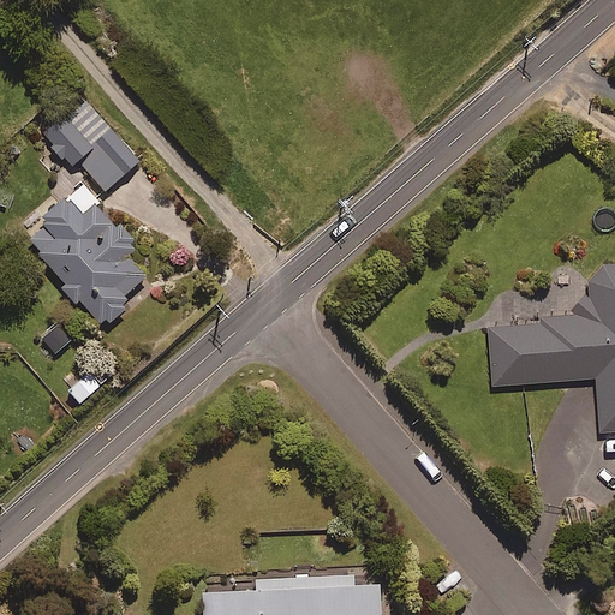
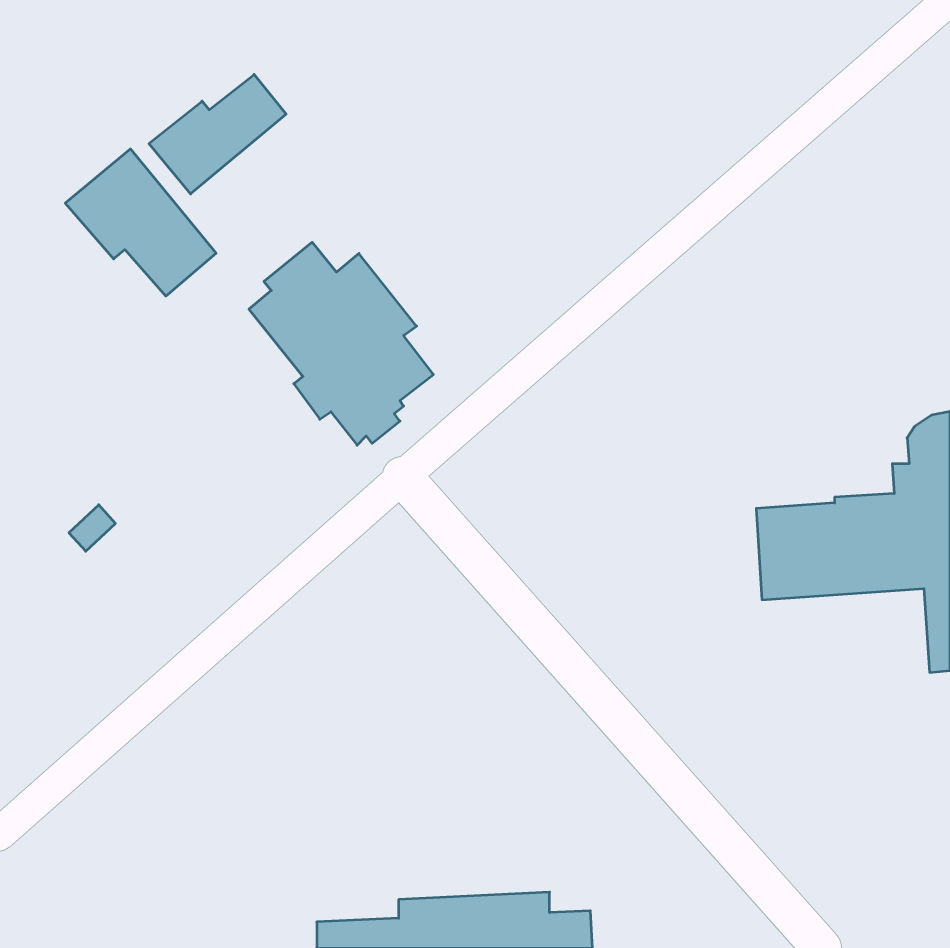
building: none -> [149,74,286,194]
building: [31,197,150,328] -> [249,242,433,445]

